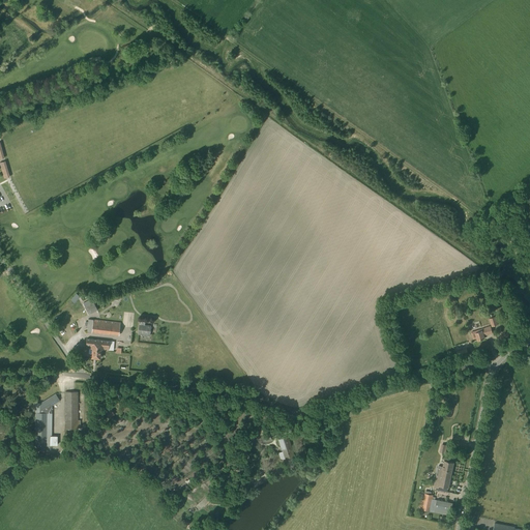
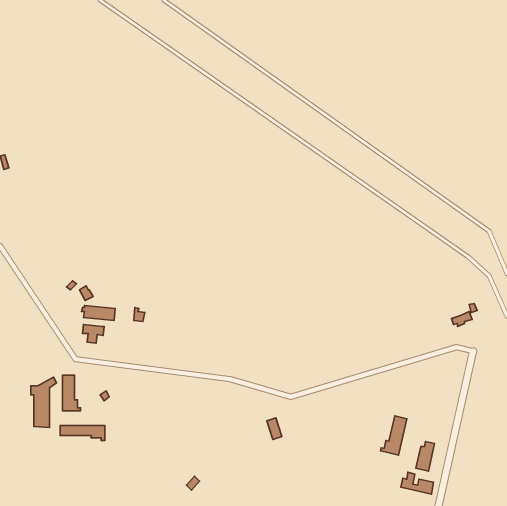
building: none -> [380,416,407,455]
building: none -> [60,425,105,440]

